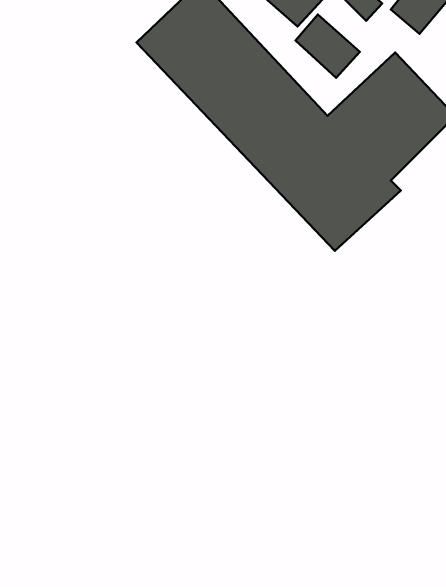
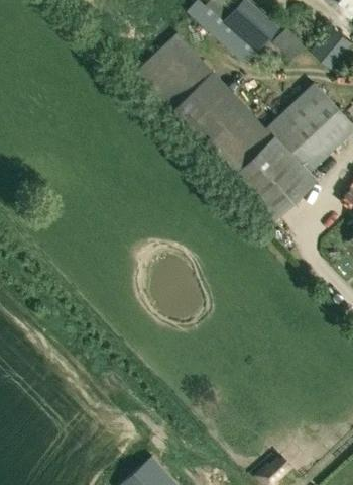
building: [295,15,360,78] -> none

